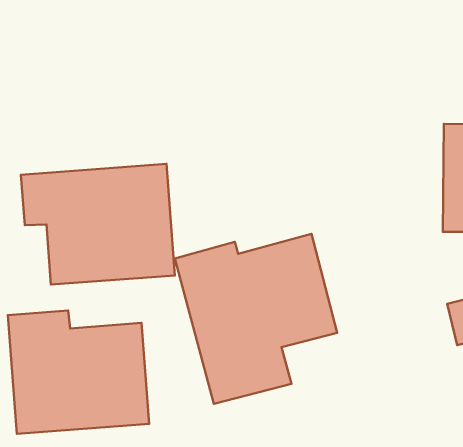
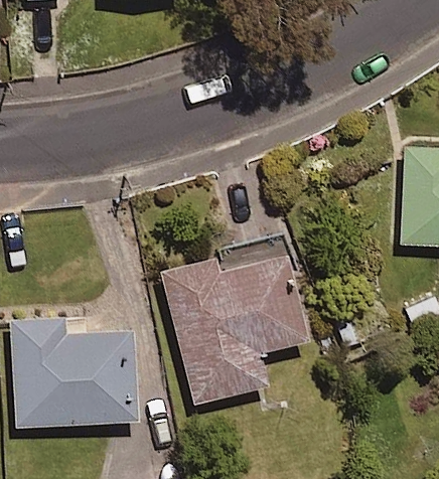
building: [21,164,175,284] -> none

